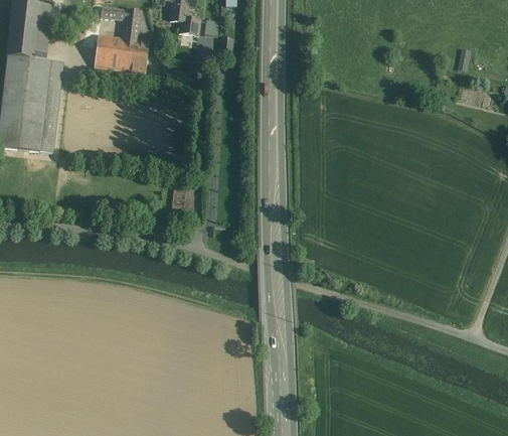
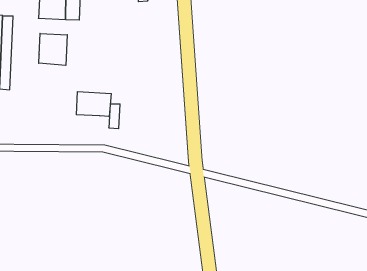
building: none -> [39,33,67,65]
building: none -> [76,92,111,117]

